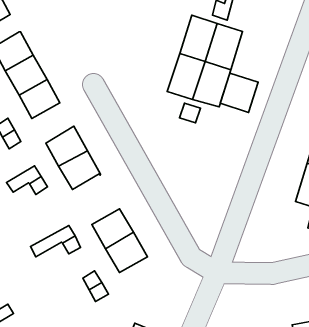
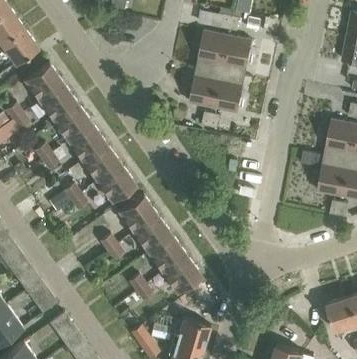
building: [220,73,258,112] -> none
building: none -> [67,123,106,161]
building: none -> [118,193,156,231]
building: none -> [162,255,201,292]

